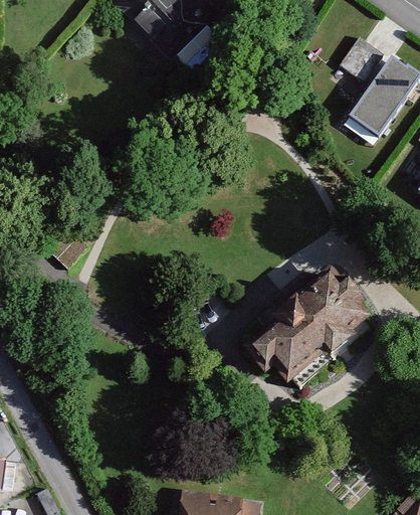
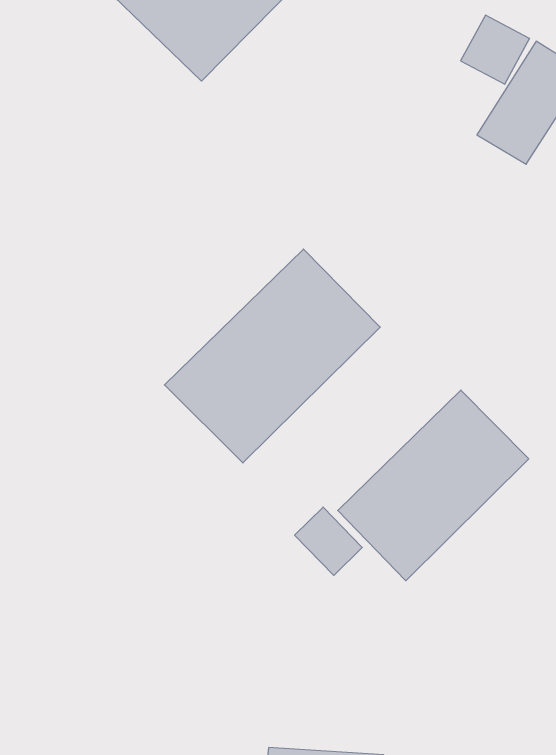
building: none -> [164,249,380,463]
building: none -> [295,507,362,575]

